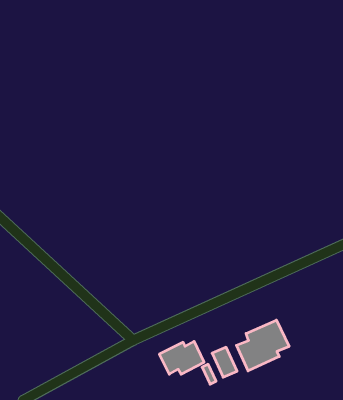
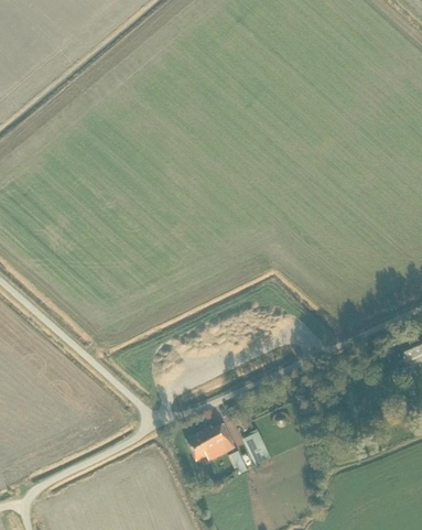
building: [236,320,289,371] -> none

